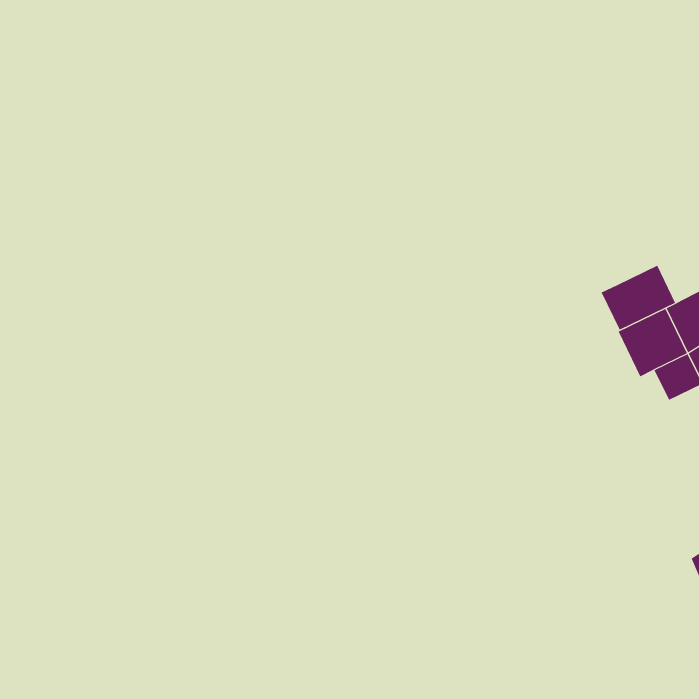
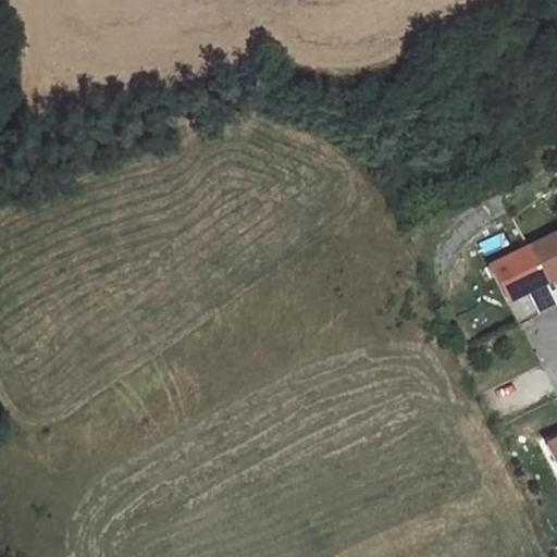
building: [601,265,676,330] -> none

